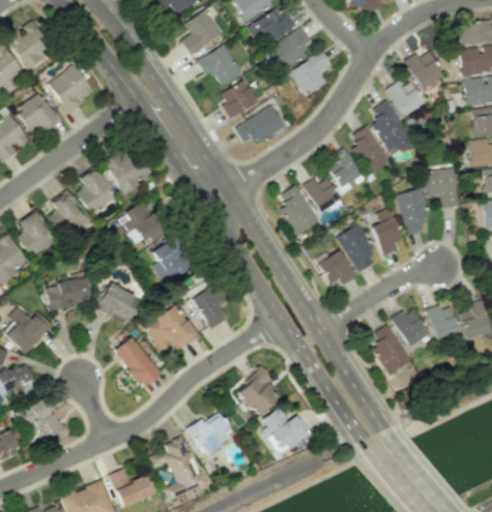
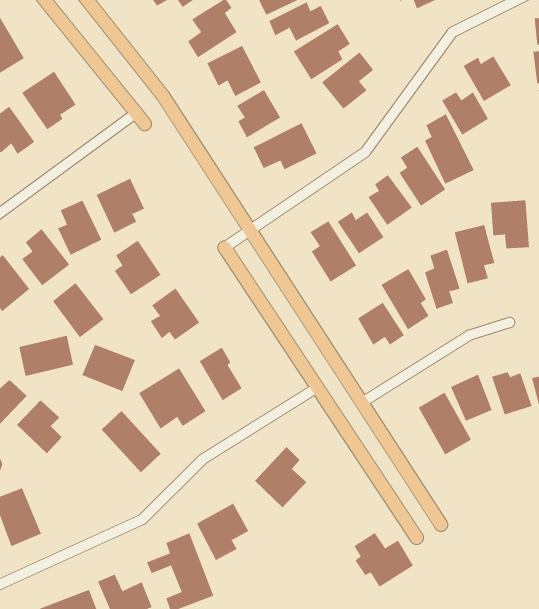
building: none -> [52,282,104,338]
building: none -> [16,399,63,454]
building: [261,408,310,452] -> [353,532,414,587]

